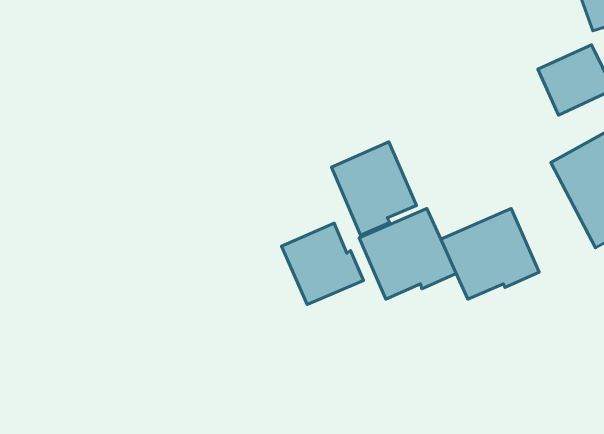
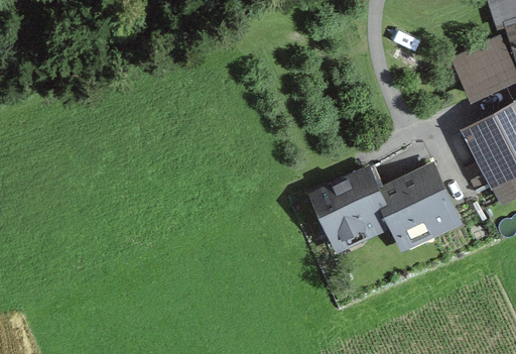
building: [332,142,417,235] -> none
building: [282,223,364,304] -> none

